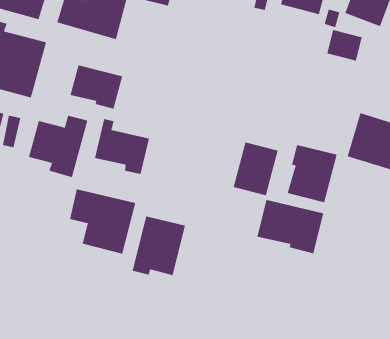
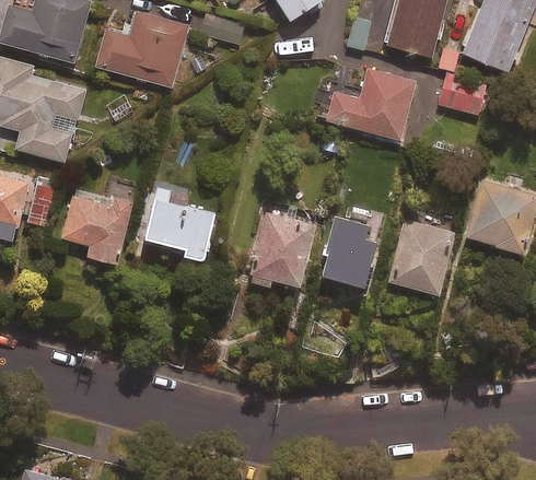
building: none -> [326,69,415,140]
building: [70,65,123,109] -> none
building: [69,188,136,254] -> none
building: [257,199,324,254] -> none
building: [132,216,186,276] -> [246,210,315,286]

